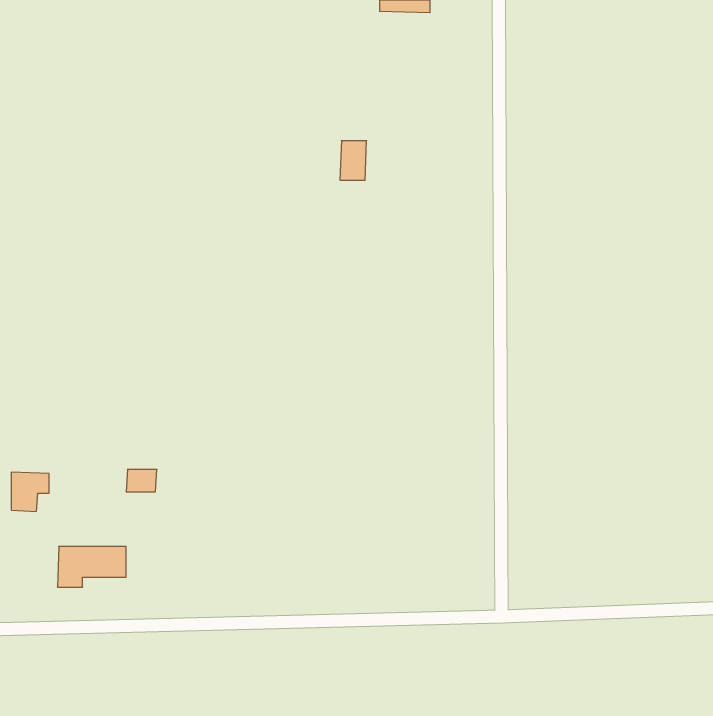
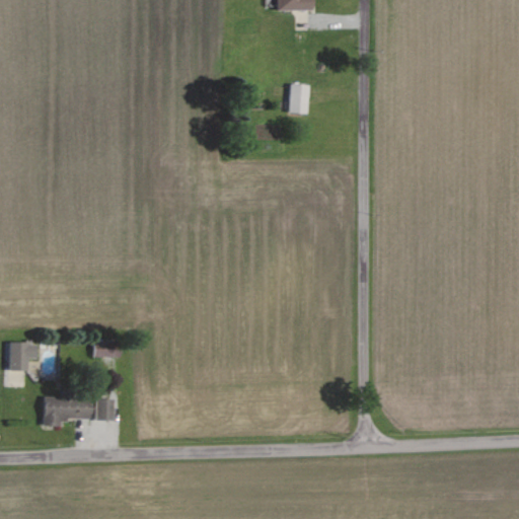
building: [340,141,367,180] -> [290,83,309,112]
building: none -> [94,397,114,419]

